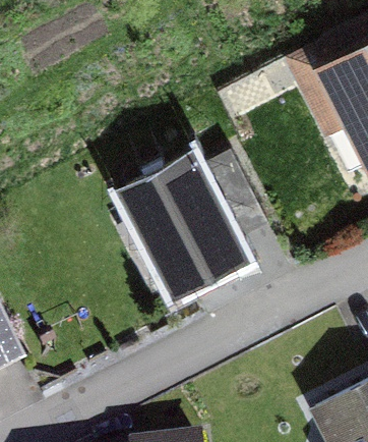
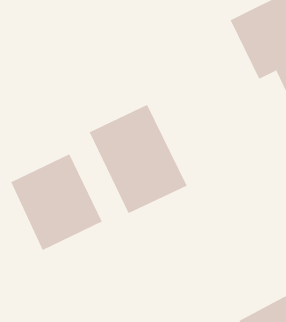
building: none -> [10,153,102,251]

